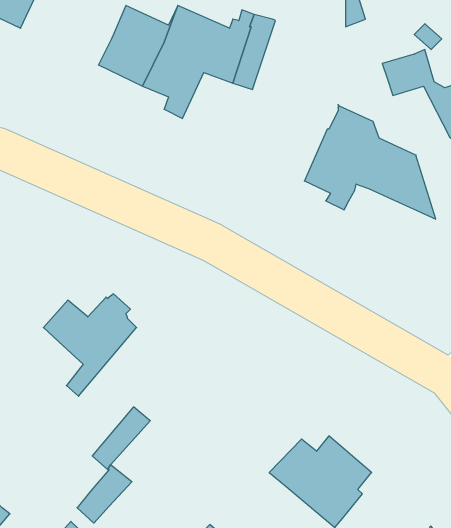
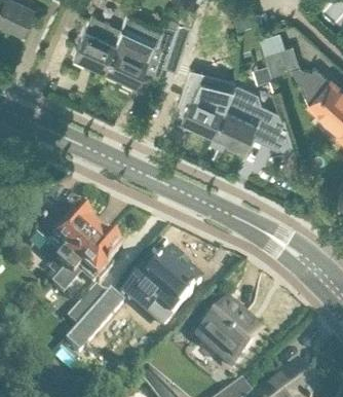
building: none -> [169,66,233,131]
building: none -> [50,229,121,293]
building: none -> [120,249,199,323]
building: none -> [79,289,121,333]

